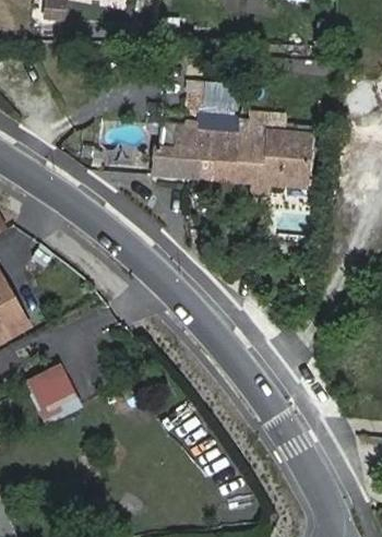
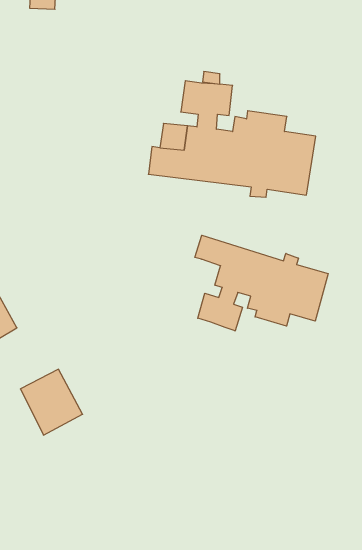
building: none -> [195,235,328,331]

